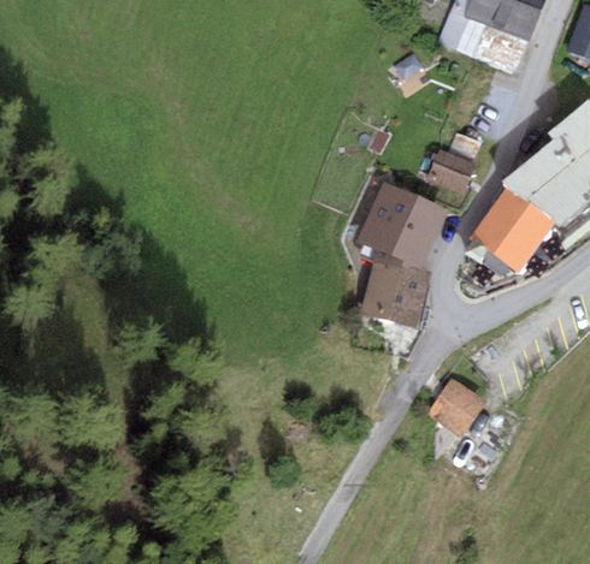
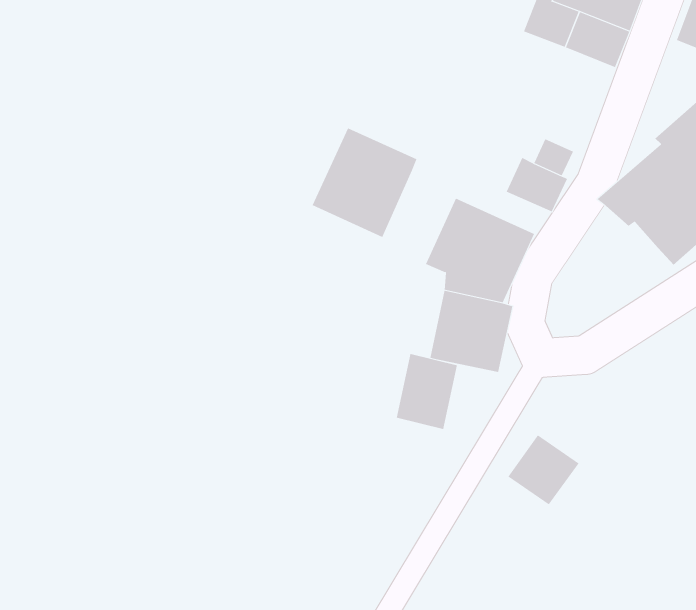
building: none -> [312,127,417,238]
building: [472,185,551,269] -> none
building: none -> [396,353,457,430]

